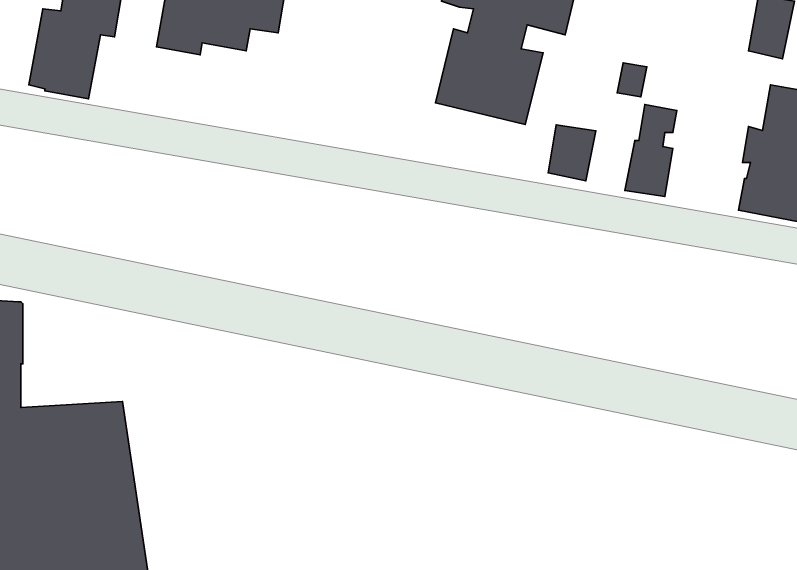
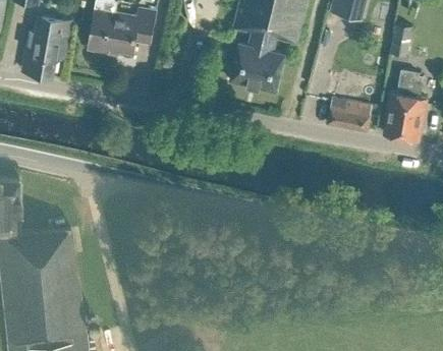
building: [548,125,596,181] -> [346,104,371,132]

